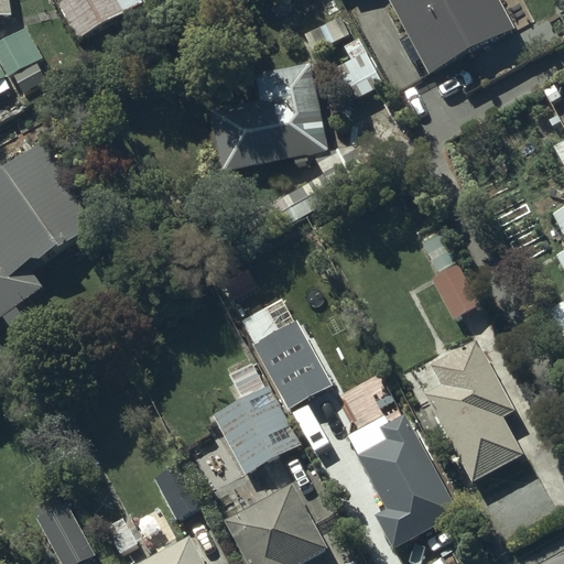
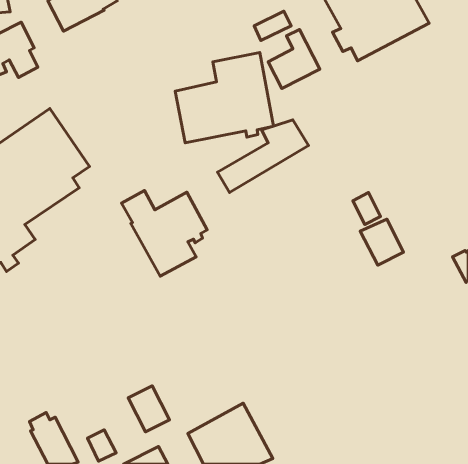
building: [241,304,344,406] -> [122,190,207,276]
building: [423,338,522,481] -> none
building: [213,360,301,474] -> none
building: [348,413,458,549] -> none

